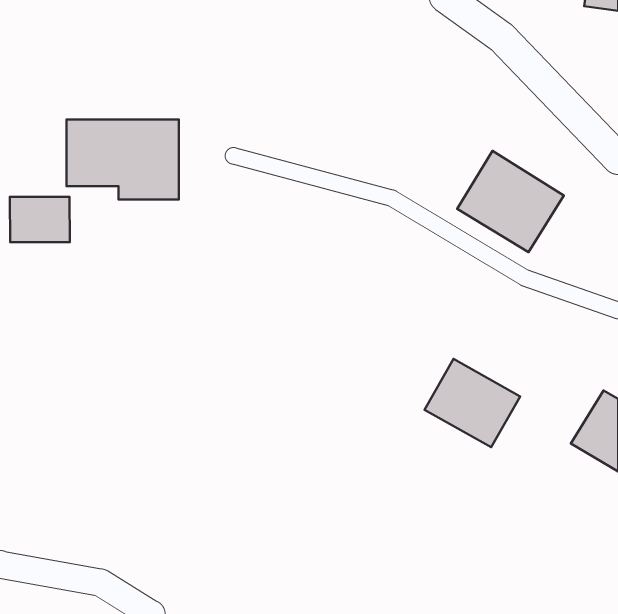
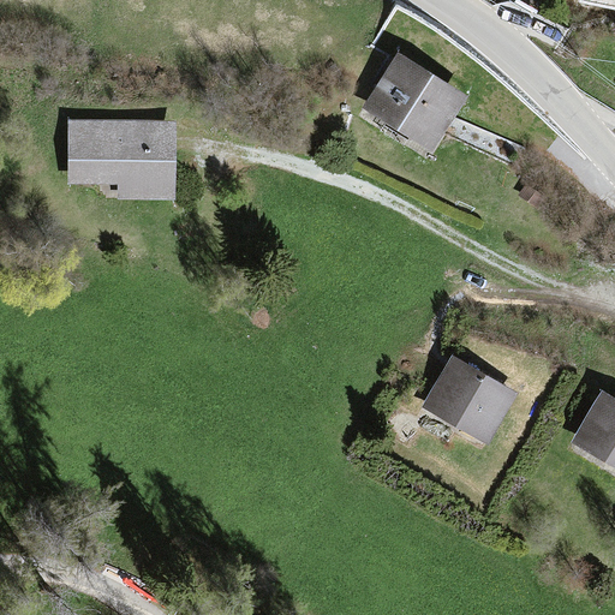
building: [457,151,564,252] -> [362,50,467,151]
building: [10,197,70,242] -> none

